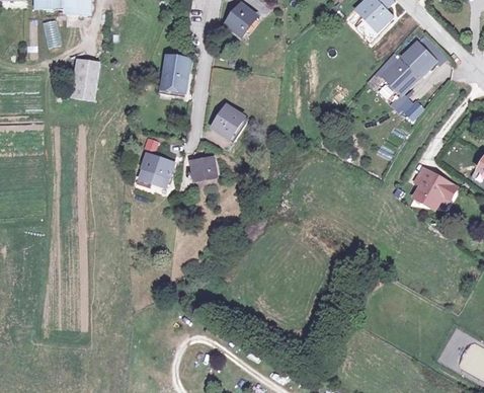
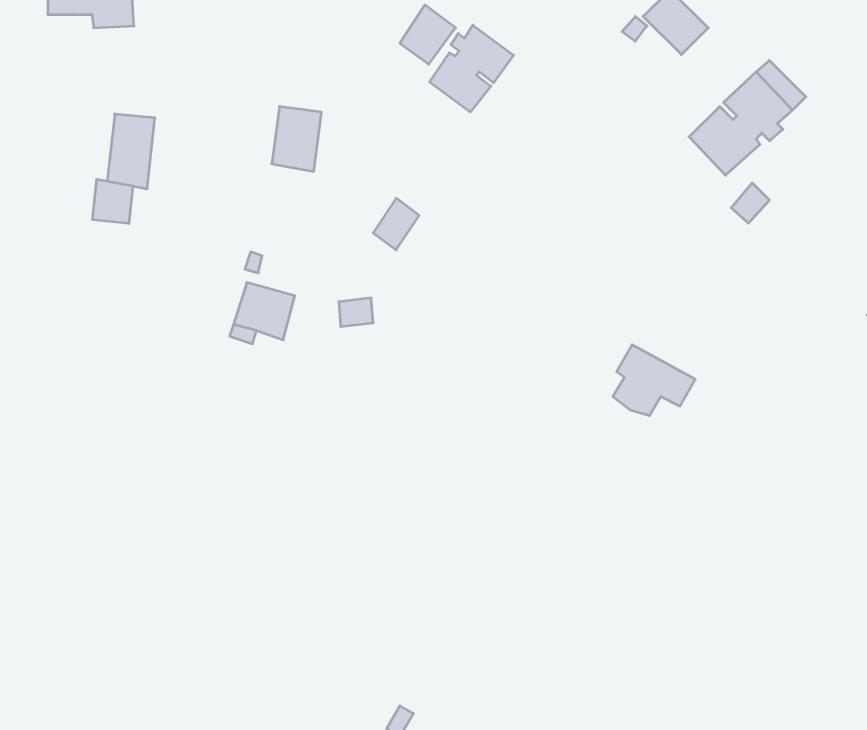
building: none -> [430,25,514,112]
building: [42,18,59,47] -> none
building: none -> [93,179,133,224]
building: [412,168,456,206] -> [613,345,695,416]

